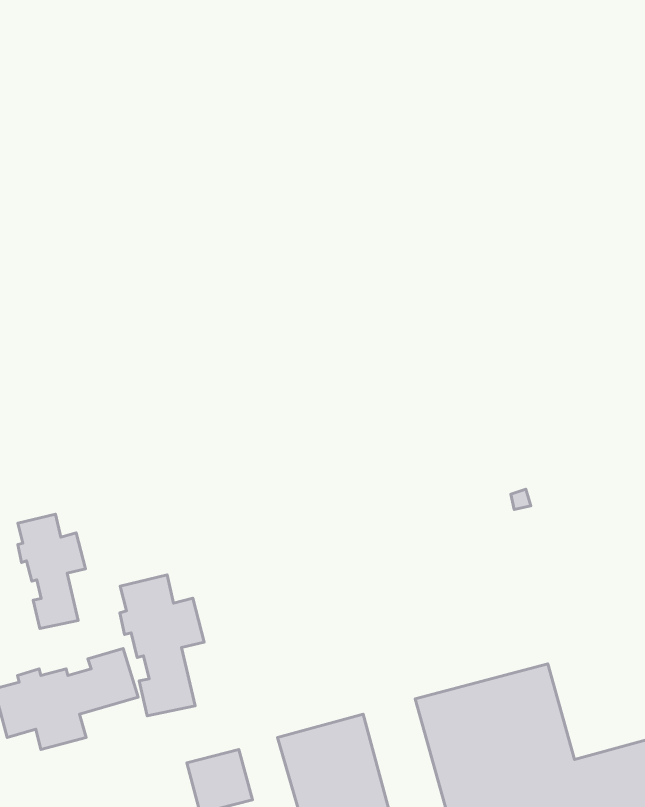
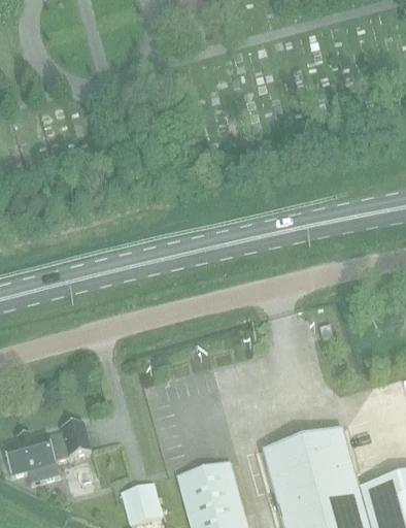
building: [18,514,86,628] -> none
building: [120,575,204,716] -> none

